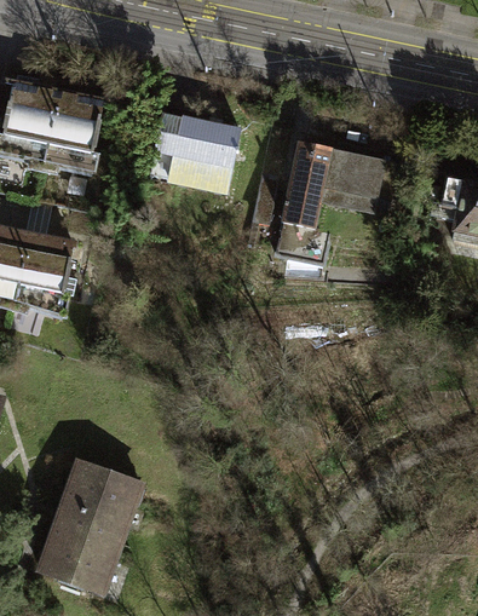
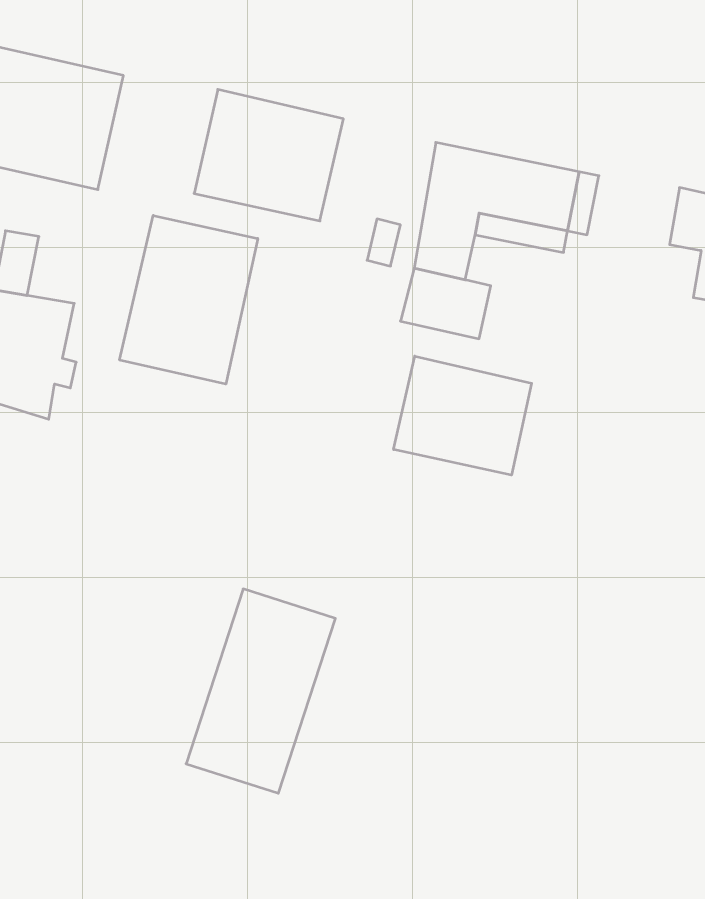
building: none -> [120,215,258,384]
building: none -> [394,356,532,475]
building: [42,462,134,588] -> [186,589,335,793]

